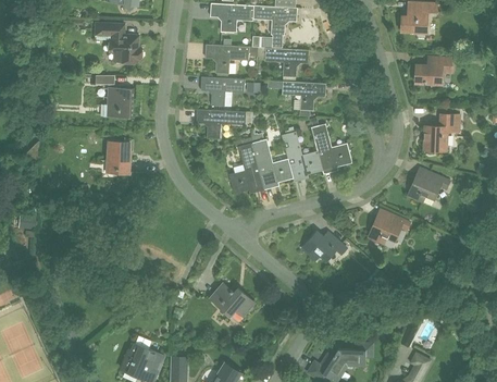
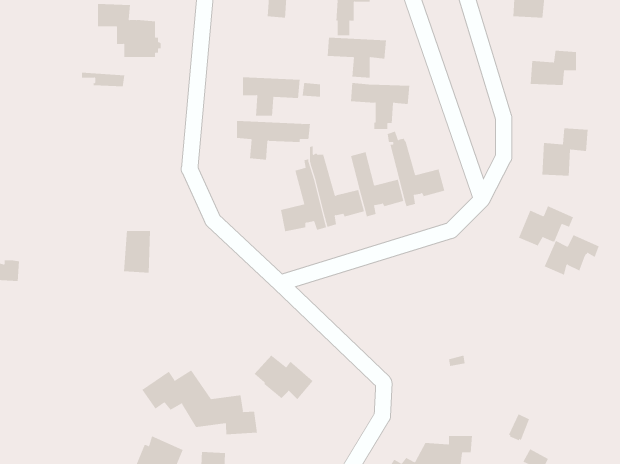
building: [206,44,249,73] -> none
building: [107,87,134,115] -> none
building: [107,141,127,173] -> [123,231,151,273]
building: [368,213,409,244] -> [544,234,599,275]
building: [301,231,346,259] -> none
building: none -> [142,369,258,435]

